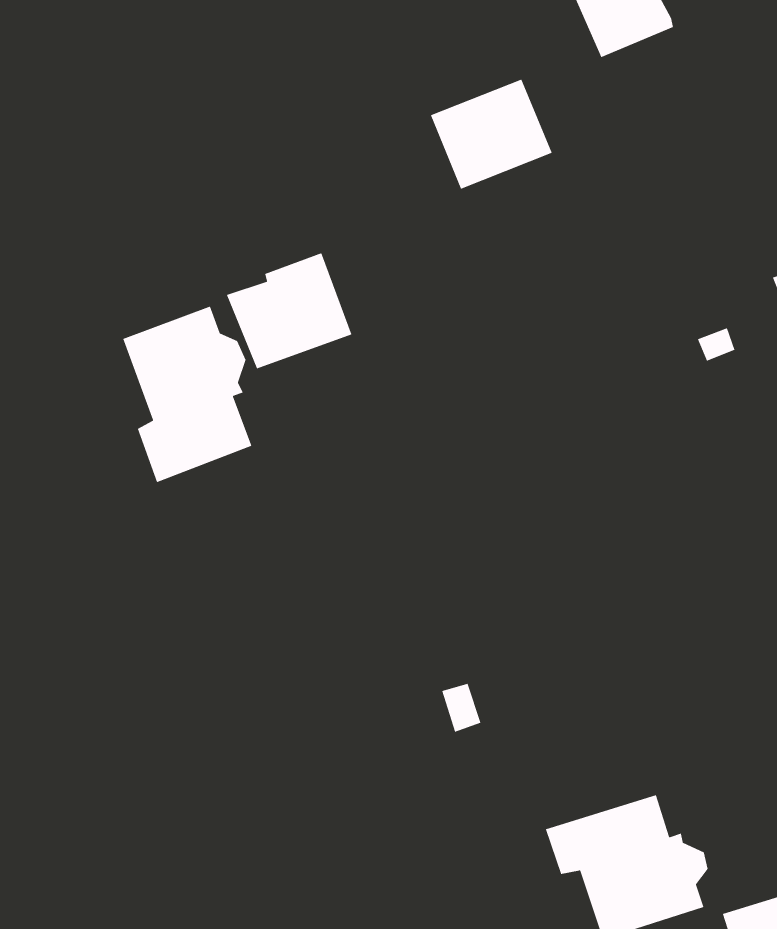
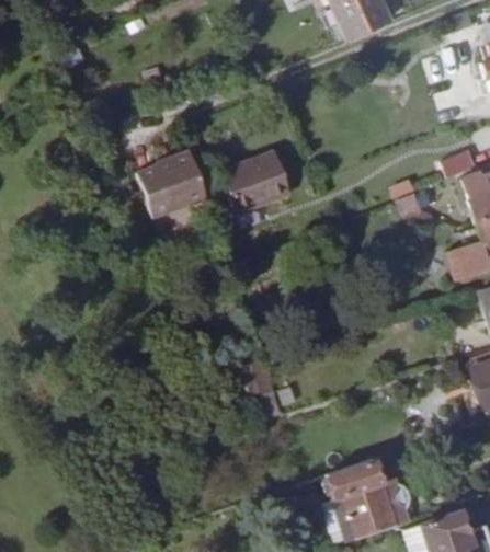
building: [430,78,553,190] -> [223,148,293,211]
building: [122,306,252,483] -> none

